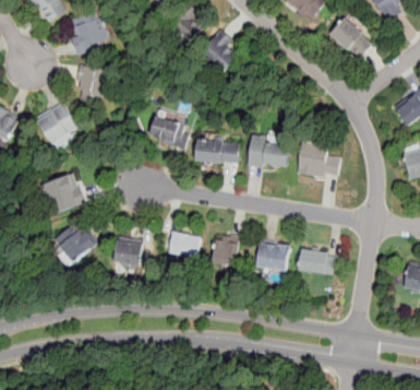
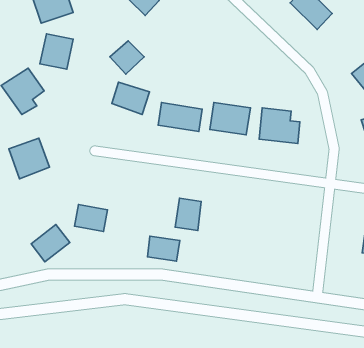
building: [201,39,236,73] -> [110,41,144,74]
building: [56,224,95,262] -> [31,224,70,262]
building: [166,232,199,257] -> [148,236,180,261]
building: [255,240,289,270] -> none
building: [297,248,335,275] -> none

